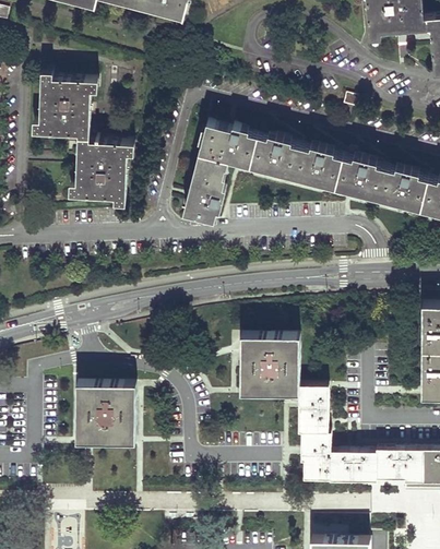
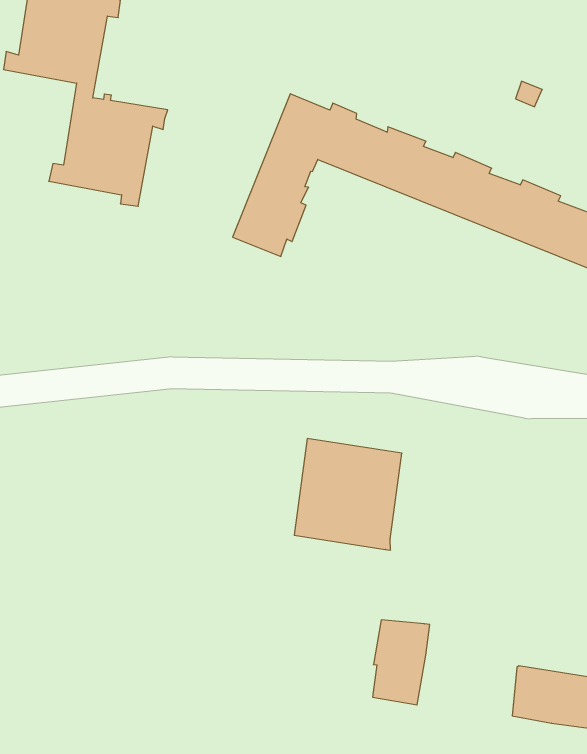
building: [76,379,138,439] -> none
building: [297,384,329,433] -> none
building: [330,451,388,482] -> none

